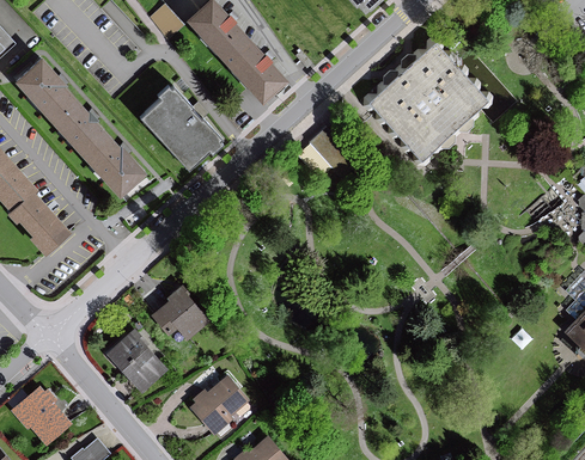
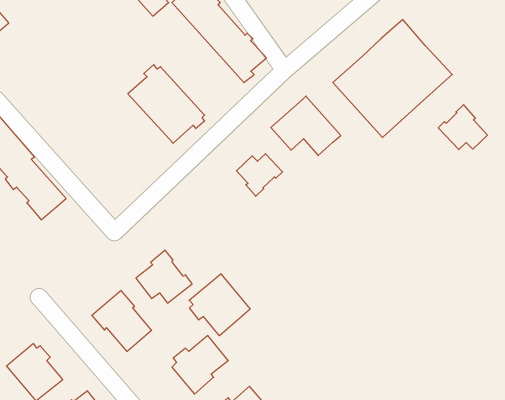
building: [14,55,151,201] -> none
building: none -> [438,105,487,150]
building: none -> [236,154,283,196]
building: none -> [189,274,250,336]

